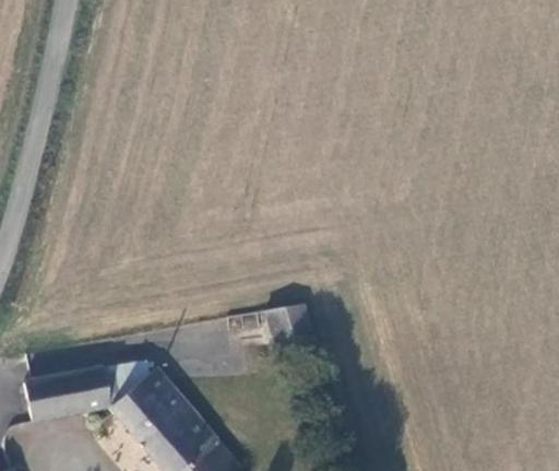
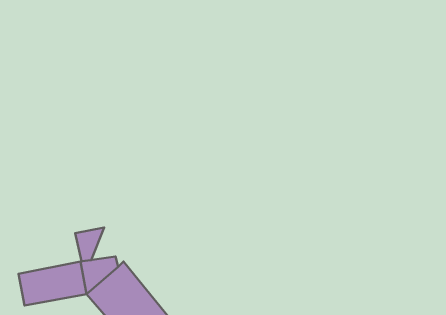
building: [264,303,316,356] -> none
building: none -> [75,228,104,261]

